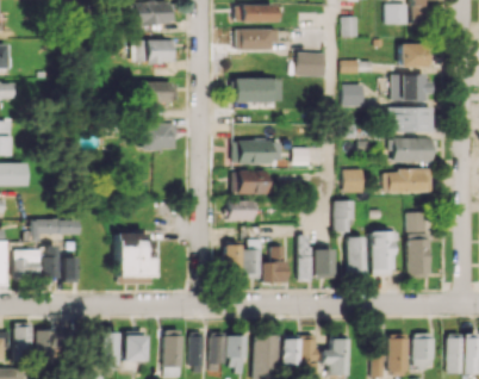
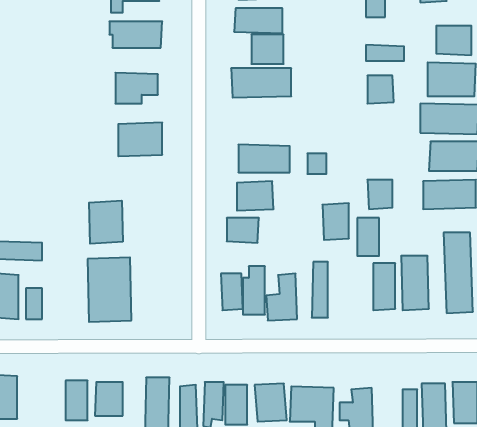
building: [298,52,324,76] -> [251,35,284,64]
building: none -> [89,201,123,244]
building: [313,249,335,279] -> [322,203,349,240]

